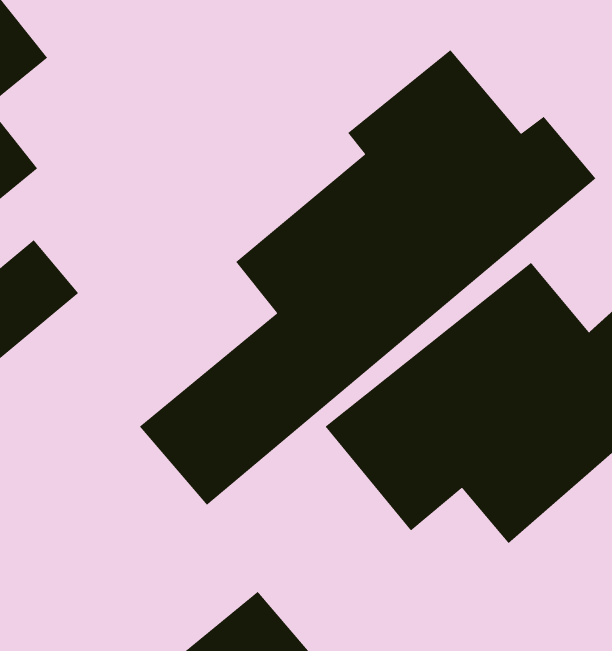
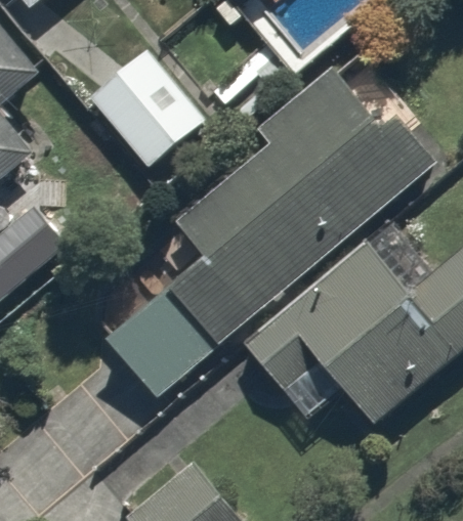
building: none -> [88,48,206,167]

